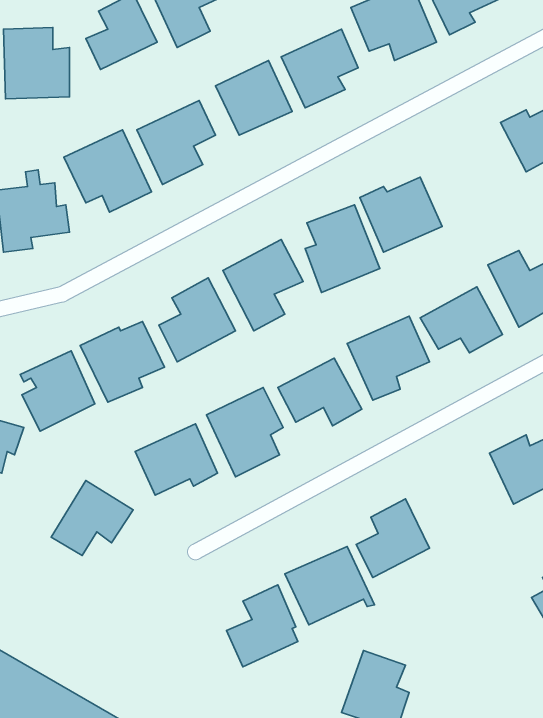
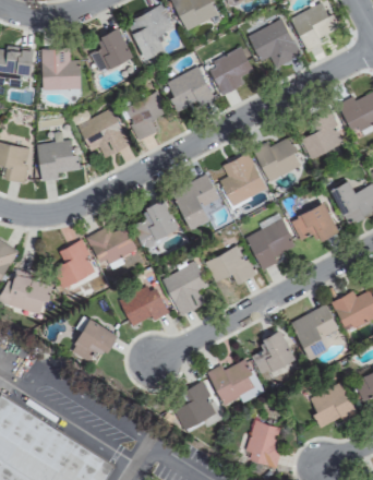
building: none -> [300,112,344,158]
building: none -> [291,305,339,360]
building: none -> [311,383,358,429]

